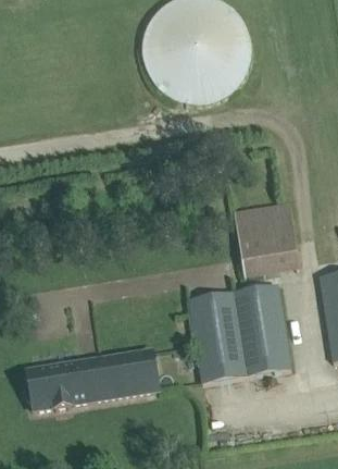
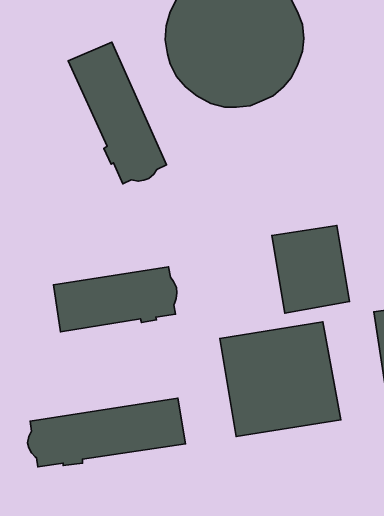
building: none -> [68,42,166,184]
building: none -> [54,267,177,332]

